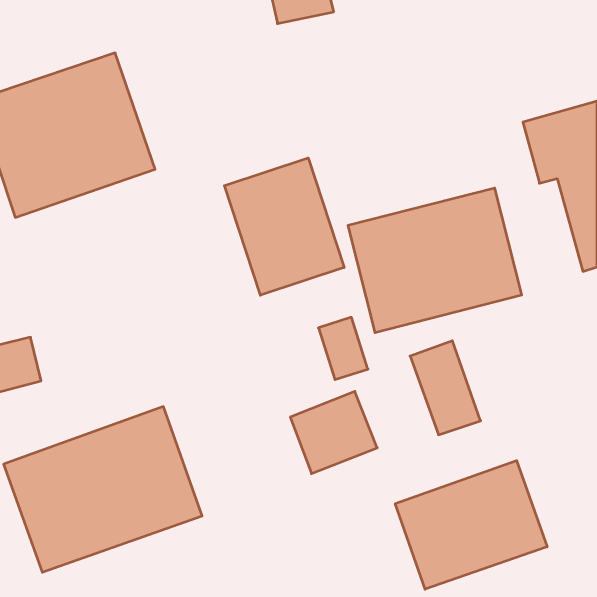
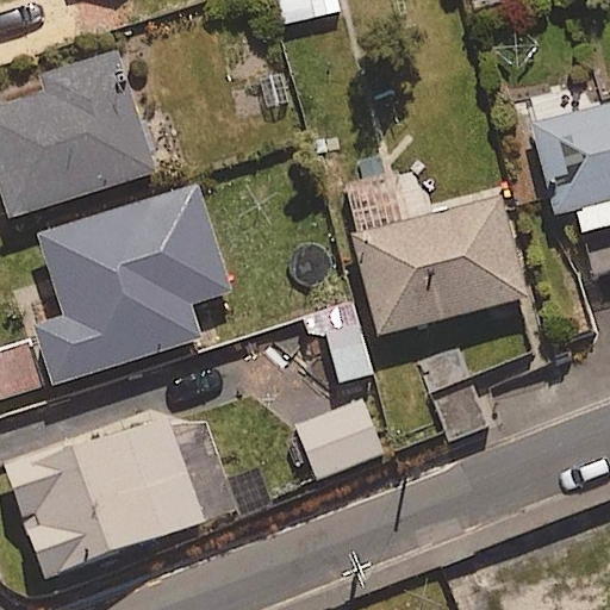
building: [224,158,344,295] -> none
building: none -> [32,182,229,384]
building: [395,461,547,589] -> none

